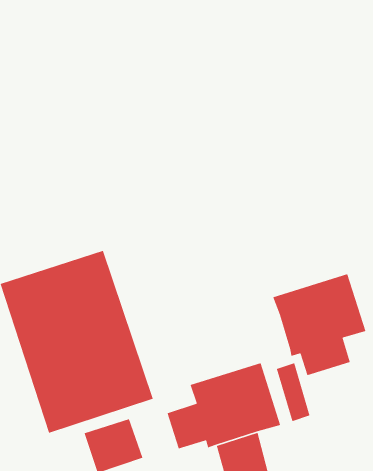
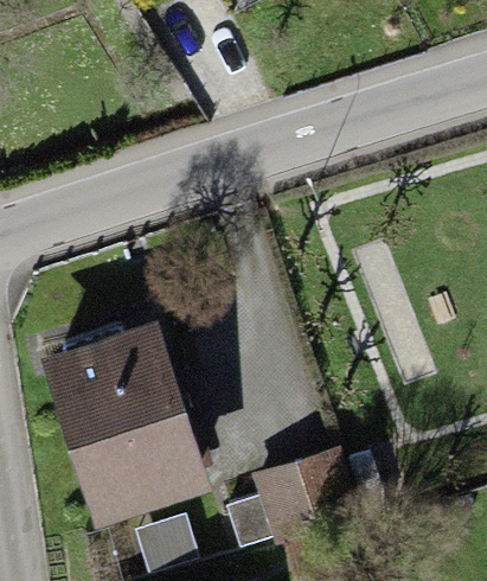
building: [272,273,366,376] -> none

